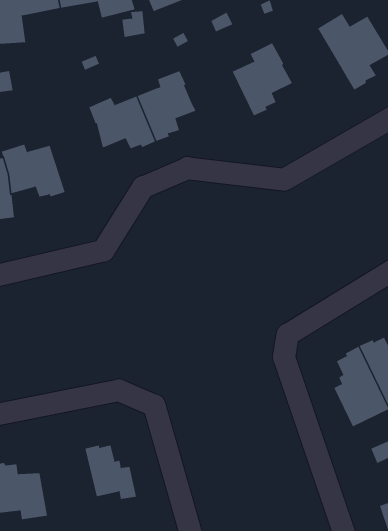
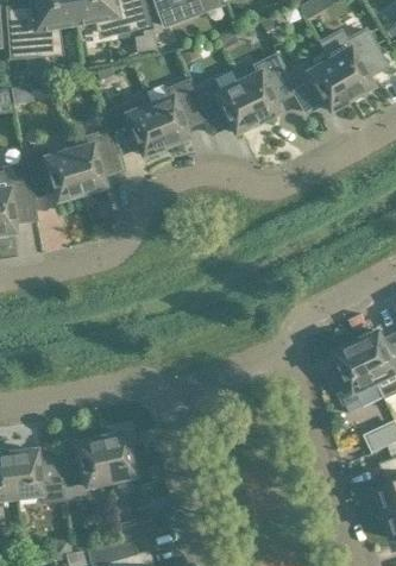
building: none -> [285,59,352,112]
building: none -> [194,82,258,133]
building: none -> [68,131,122,195]
building: none -> [58,435,111,498]

